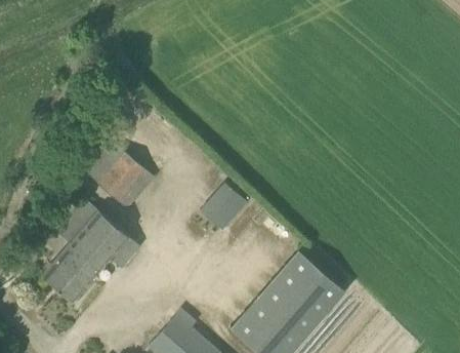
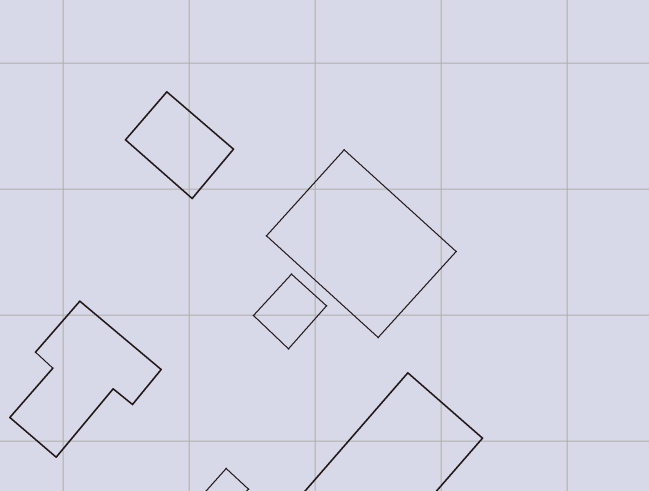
building: none -> [267,150,456,337]
building: [85,142,155,210] -> [125,92,234,199]

